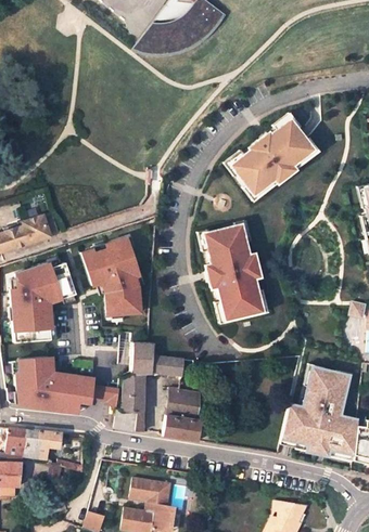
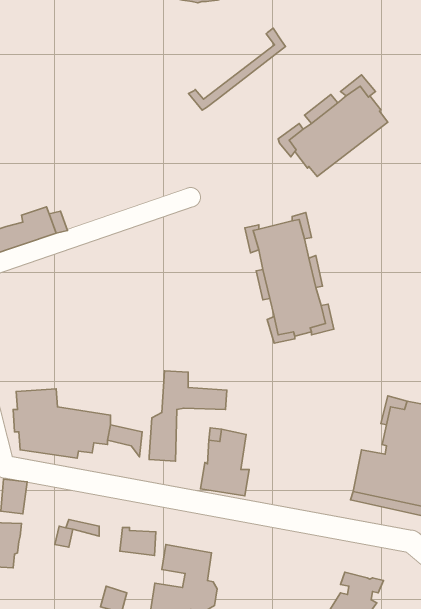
building: [242,137,318,200] -> [188,28,285,110]
building: [84,238,142,314] -> none
building: [12,262,77,342] -> none
building: [115,411,143,432] -> [120,528,156,555]
building: [24,430,62,459] -> none

